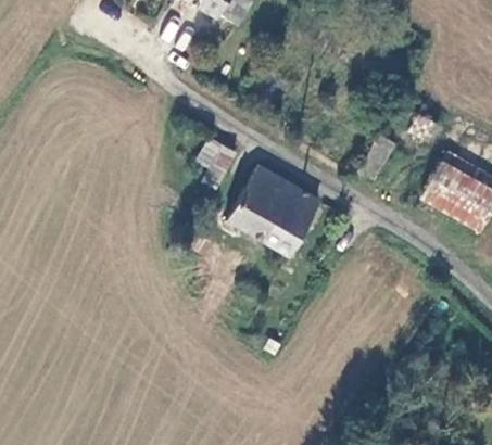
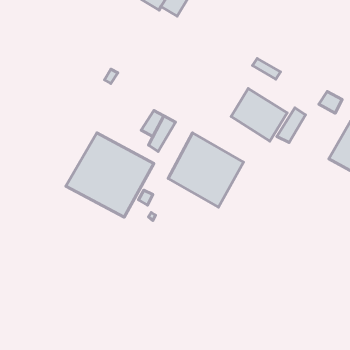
building: none -> [231,88,287,141]
building: none -> [66,133,154,217]

